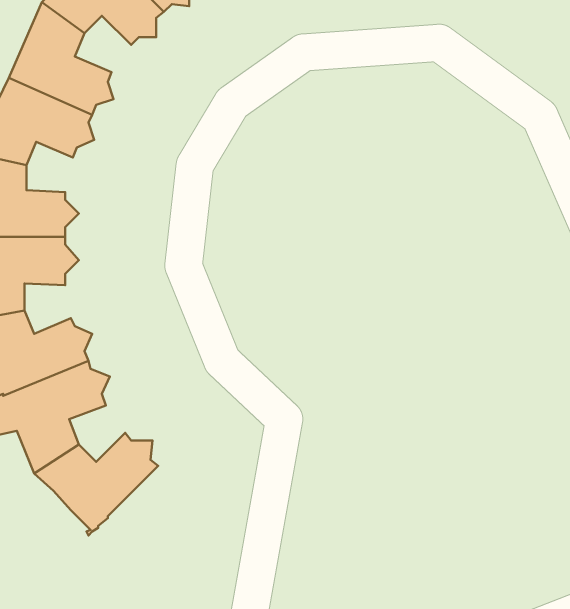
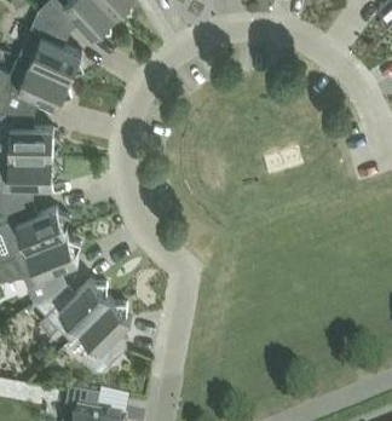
building: none -> [69,296,133,369]

